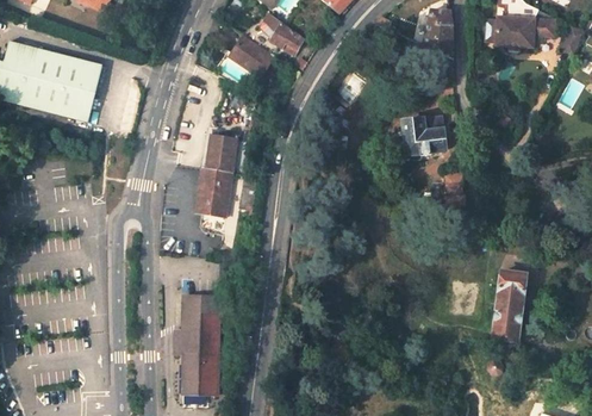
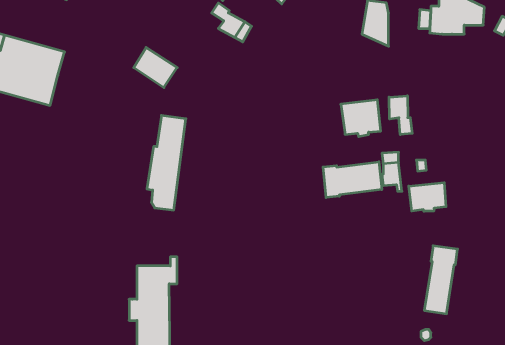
building: [230,35,276,77] -> [134,47,177,88]
building: none -> [389,96,412,135]
building: none -> [323,162,382,198]
building: none -> [409,183,446,211]

